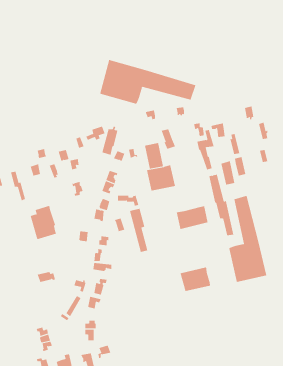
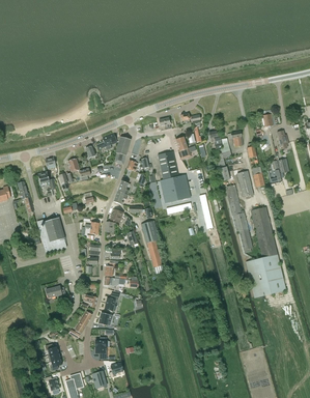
building: [99,59,196,105] -> none
building: [176,206,208,230] -> none
building: [180,266,211,292] -> none

